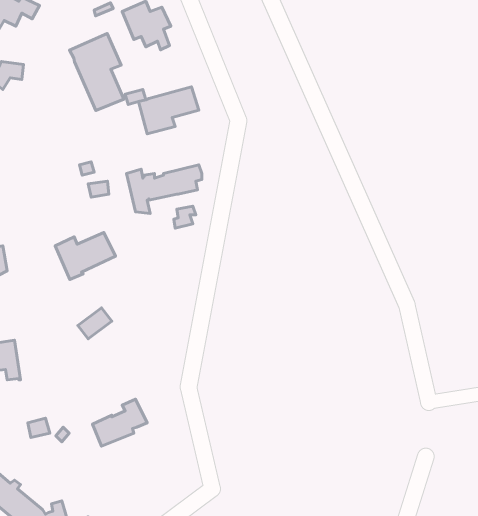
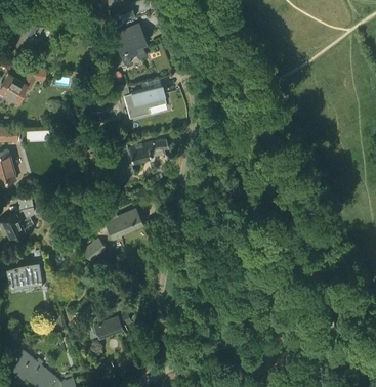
building: [70,34,124,110] -> none
building: [55,232,116,280] -> [102,208,144,241]

